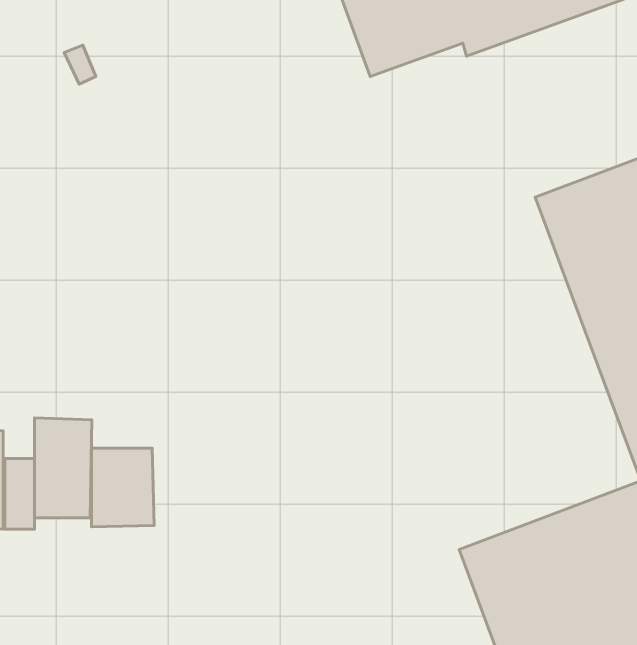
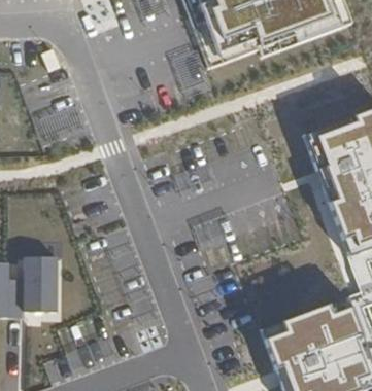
building: [91,448,154,527] -> none

